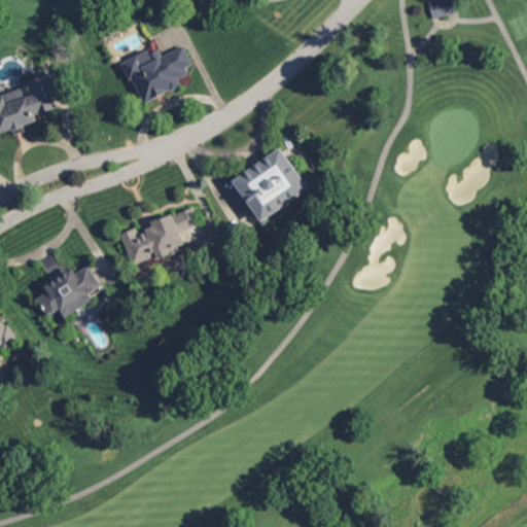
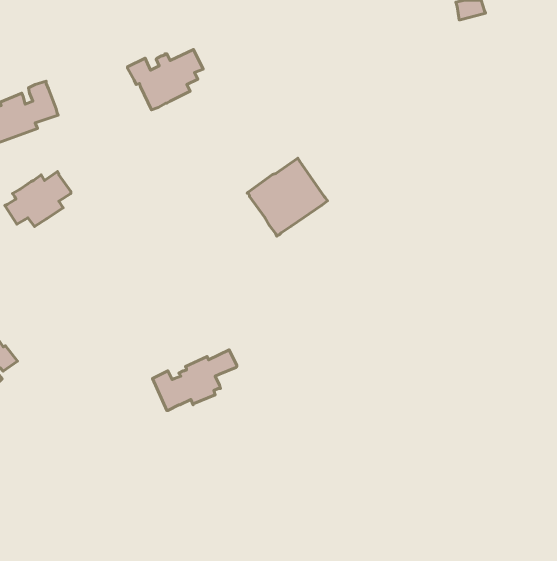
building: [118,208,198,265] -> [152,350,237,410]
building: [36,266,98,317] -> [5,172,71,226]

